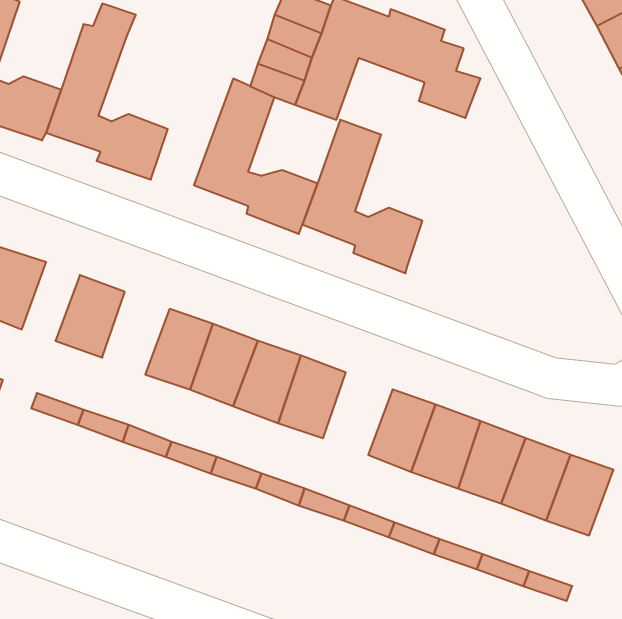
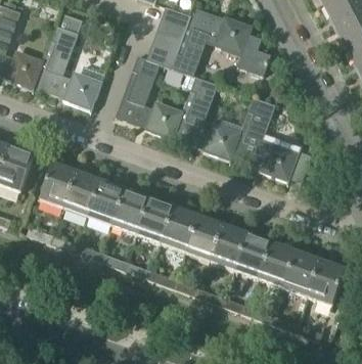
building: none -> [232,96,300,181]
building: none -> [65,171,102,216]
building: none -> [186,215,224,260]

